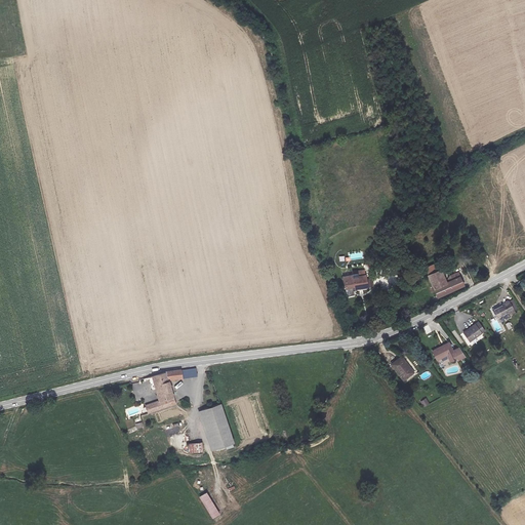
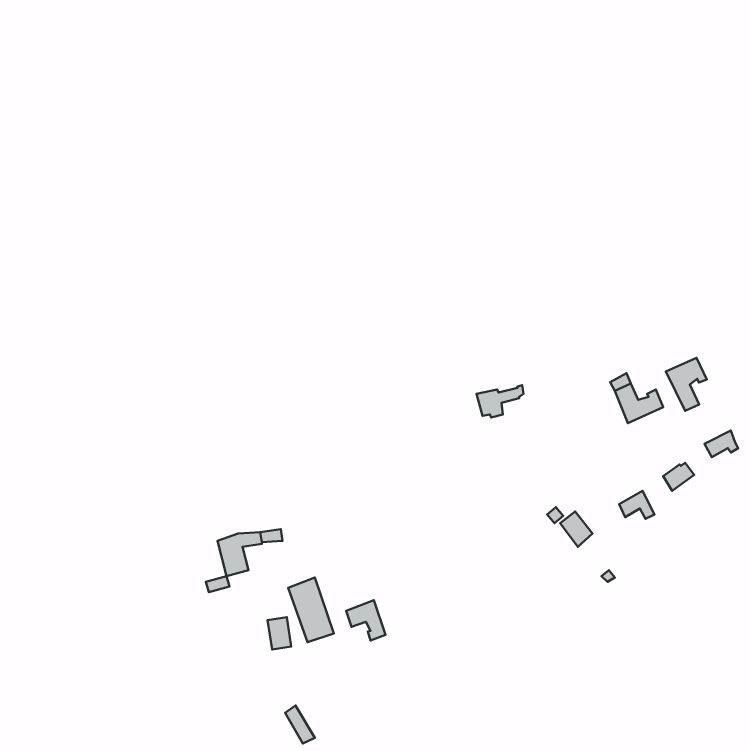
building: none -> [666,358,707,411]
building: none -> [346,600,386,640]

